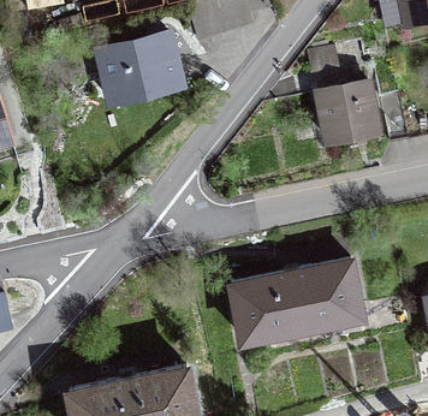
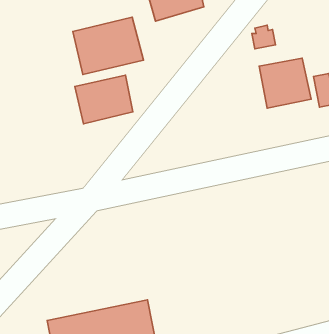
building: none -> [75,75,133,124]
building: [231,262,362,341] -> none

